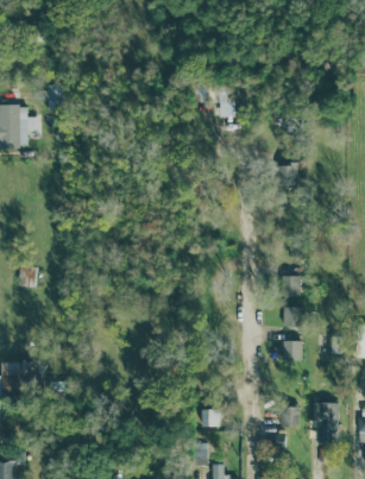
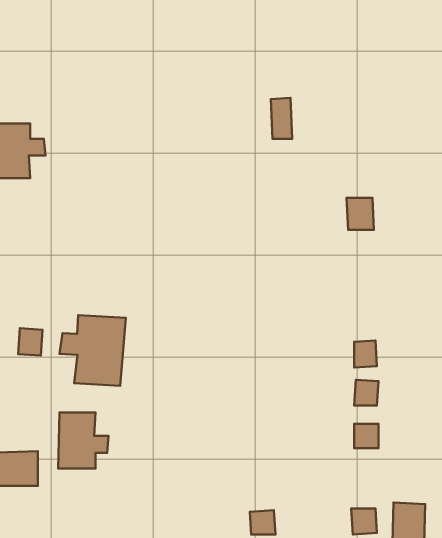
building: none -> [60,315,126,386]
building: none -> [58,413,108,468]

